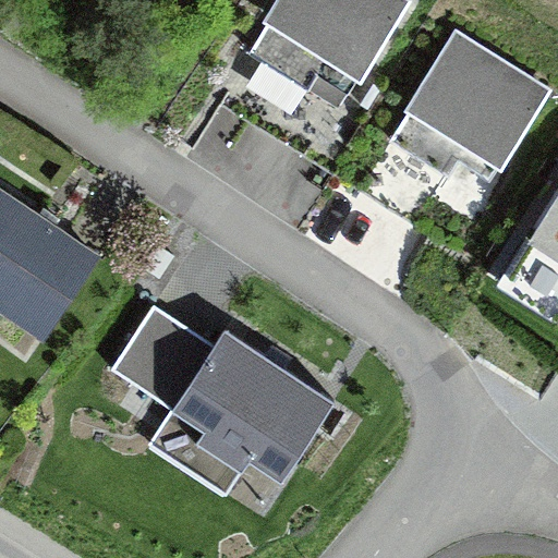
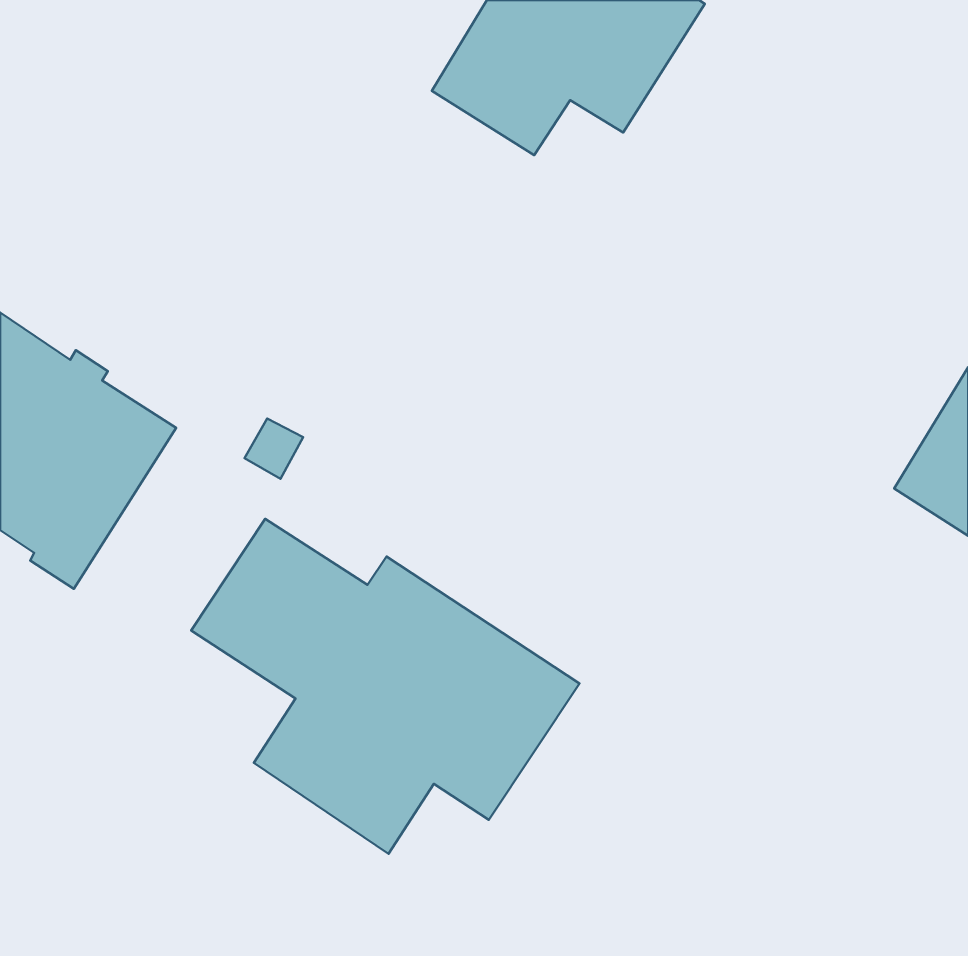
building: [387,31,553,179] -> none

